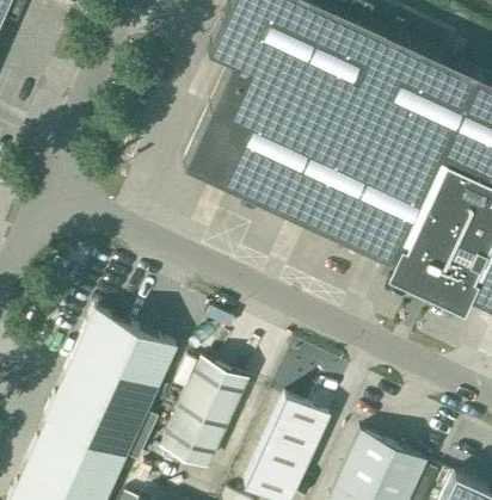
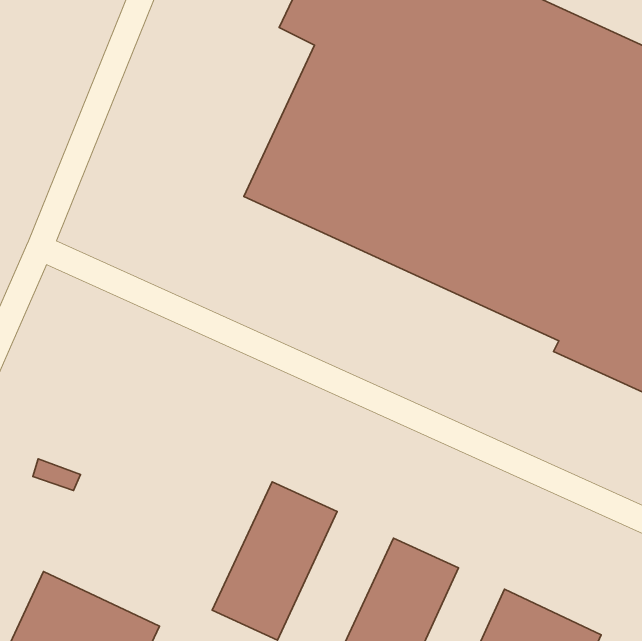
building: [43,313,174,459] -> none

